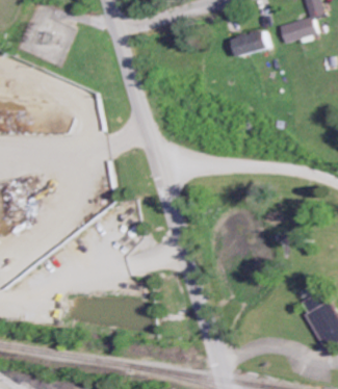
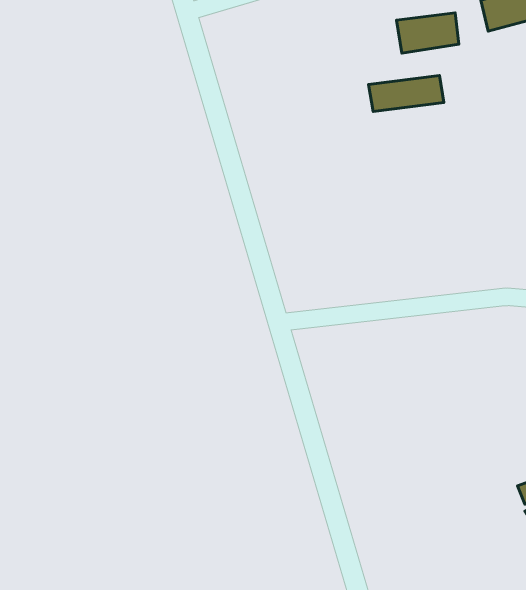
building: none -> [369,76,444,111]

